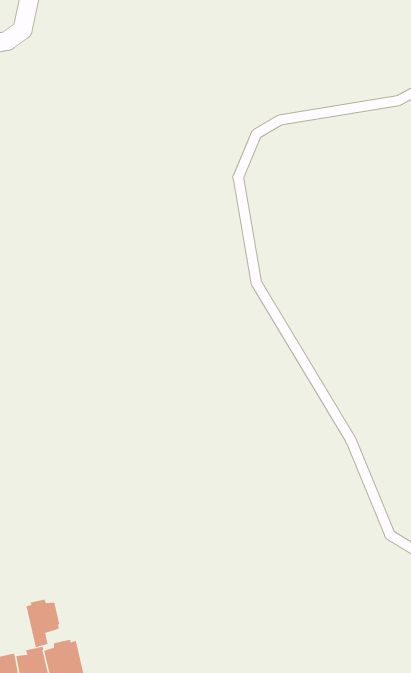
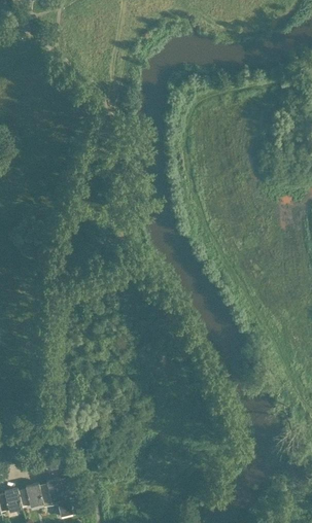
building: [26,599,60,648] -> none

